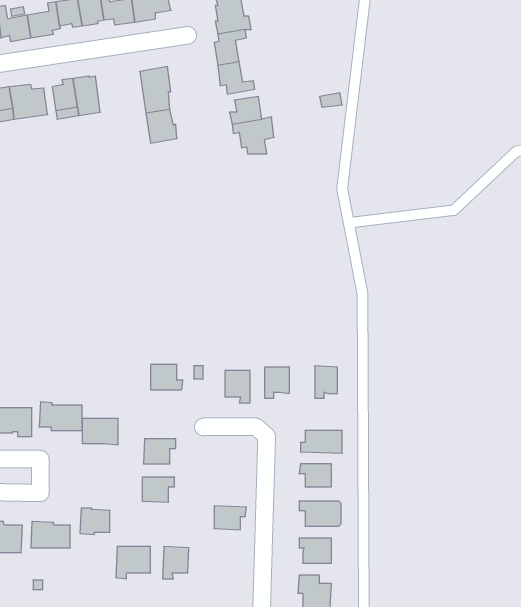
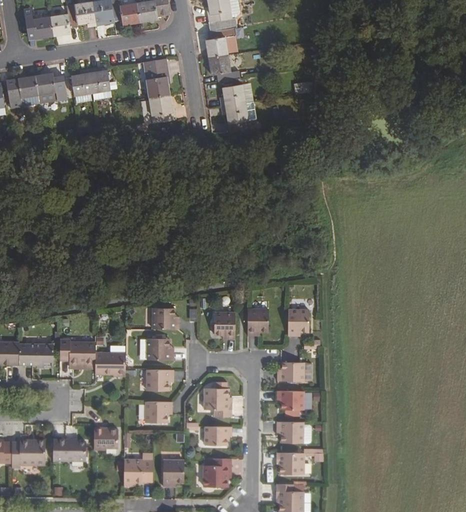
building: none -> [147,338,173,359]
building: none -> [204,381,231,416]
building: none -> [203,458,231,486]

